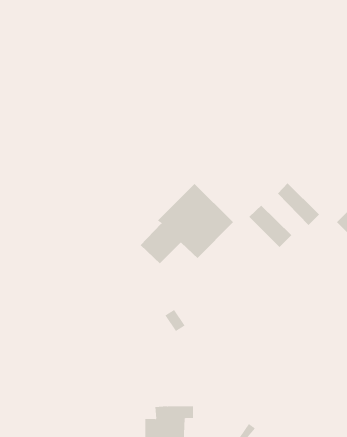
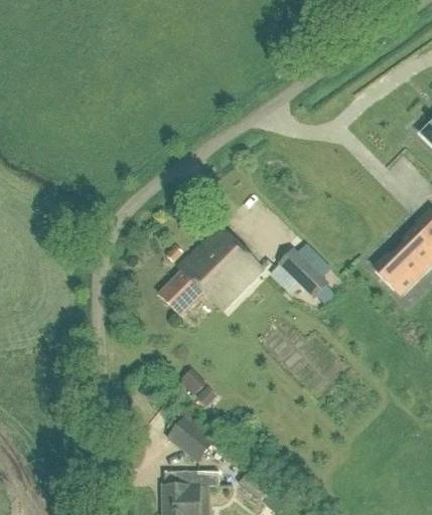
building: [277,182,320,226] -> none
building: none -> [168,416,238,464]

